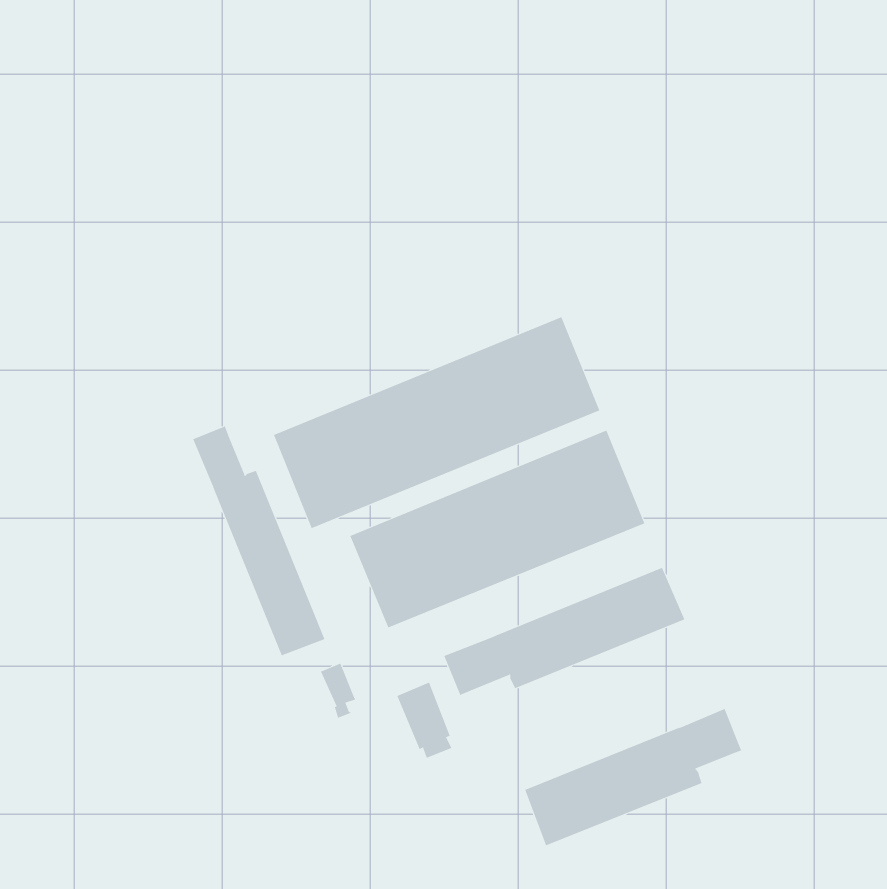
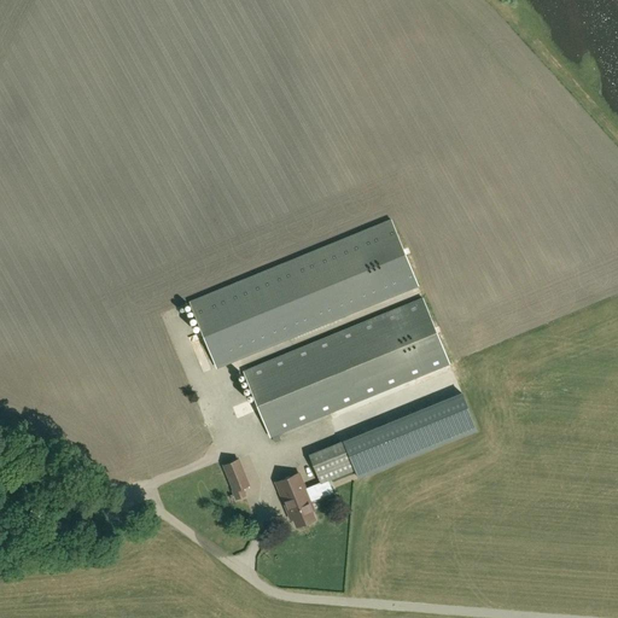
building: [192,425,325,656] -> none
building: [524,708,742,846] -> none

